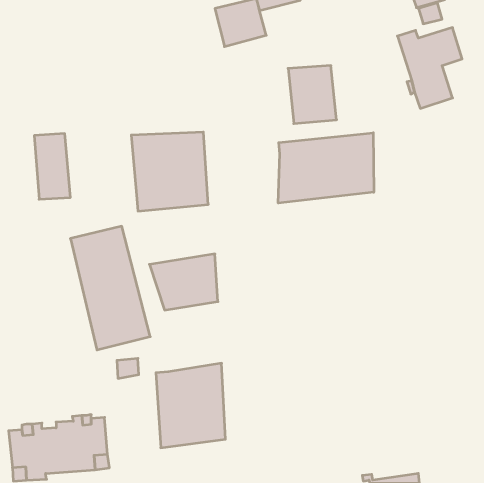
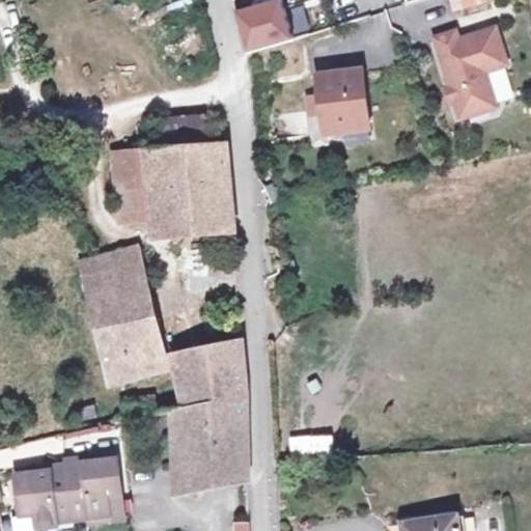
building: [278,133,374,203] -> none
building: [34,134,70,199] -> [112,147,151,219]
building: [149,254,218,310] -> [169,344,244,406]

